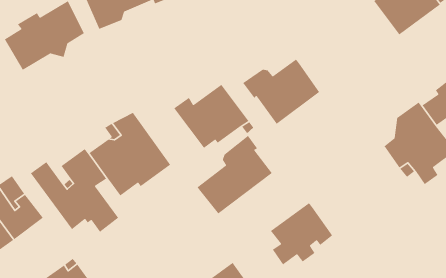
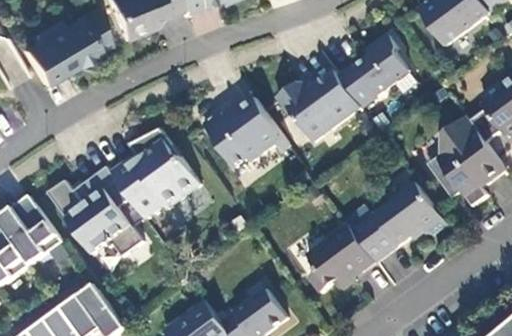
building: none -> [337,33,409,107]
building: [197,135,273,215] -> none
building: none -> [351,182,446,262]

